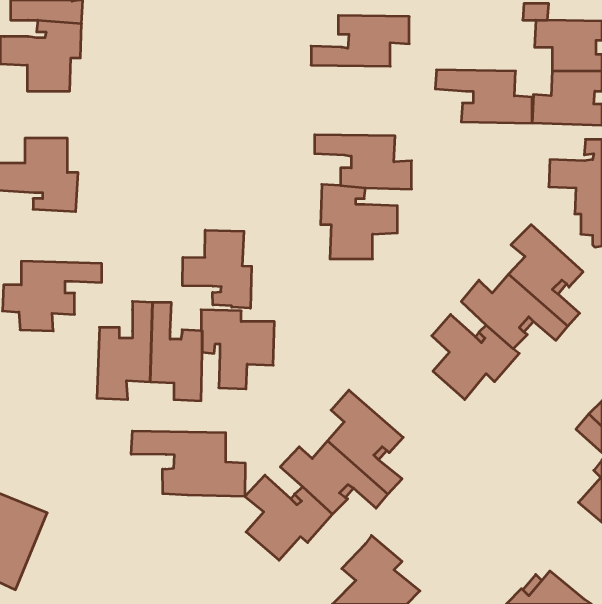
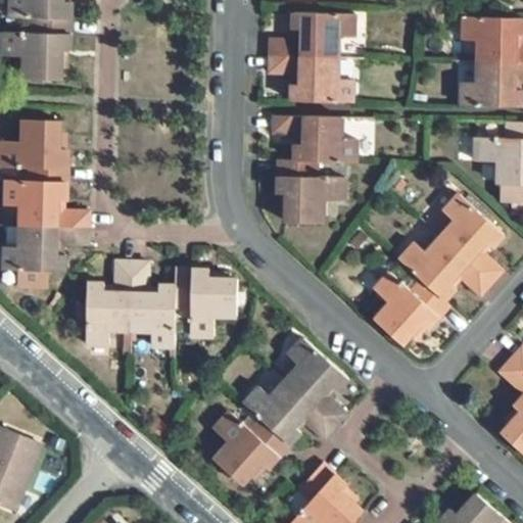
building: [435,70,532,123] -> [268,56,351,102]
building: none -> [4,180,89,228]
building: [183,230,252,308] -> none
building: [131,431,245,496] -> none

